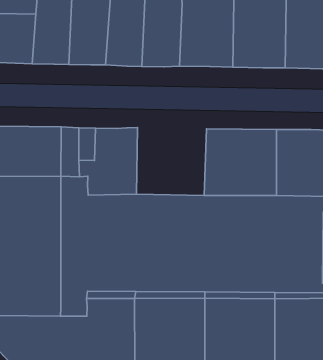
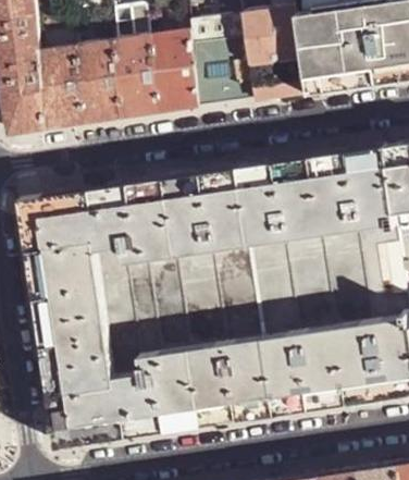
building: none -> [170,169,250,248]

